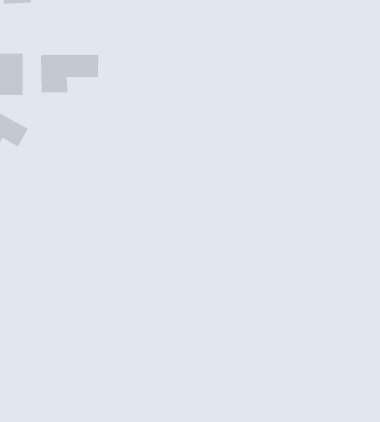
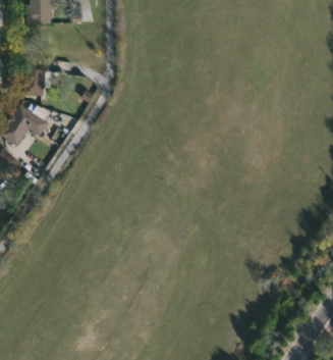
building: [40,54,99,93] -> none

